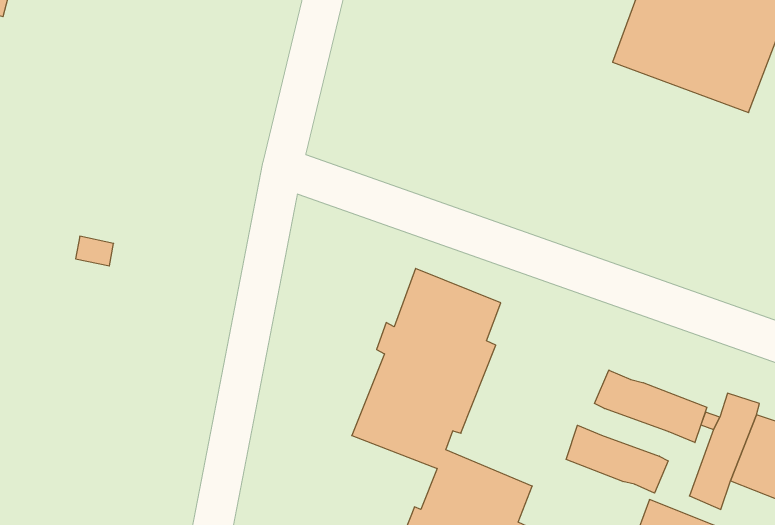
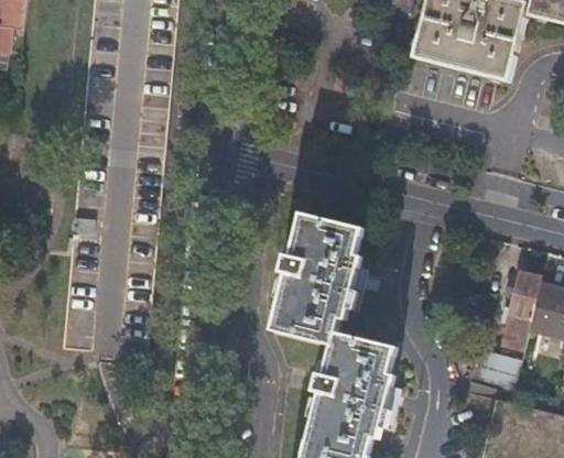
building: [595,370,707,443] -> none
building: [566,425,668,493] -> none

